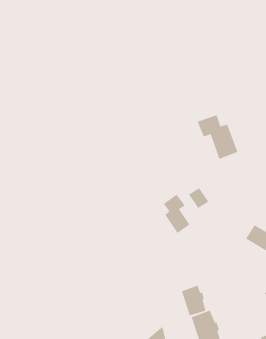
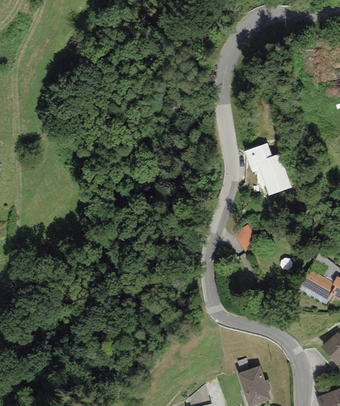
building: [163,194,190,234] -> none
building: [181,285,206,316] -> none

